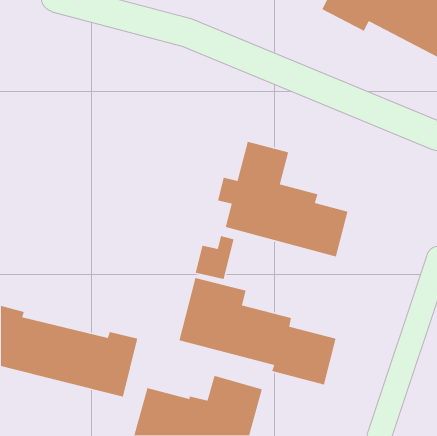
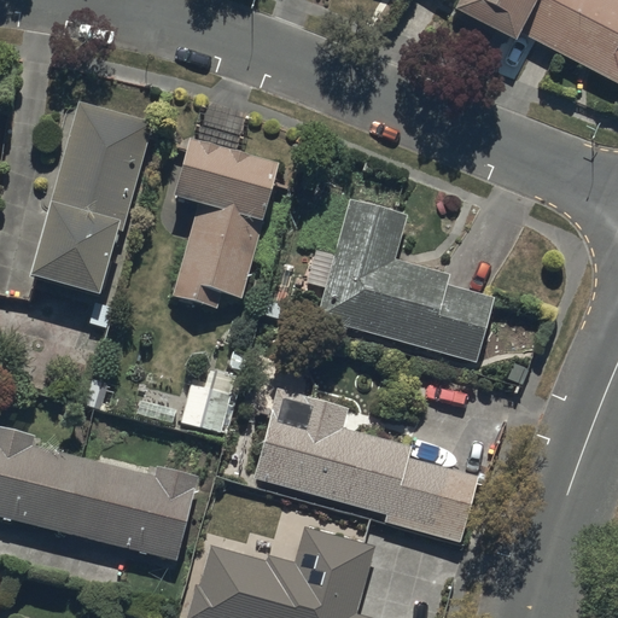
building: none -> [30,104,153,297]
building: none -> [171,140,276,310]
building: [195,235,234,280] -> [181,369,237,432]

